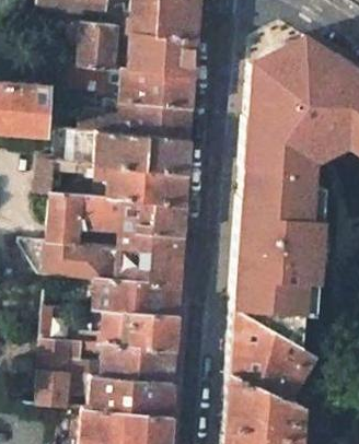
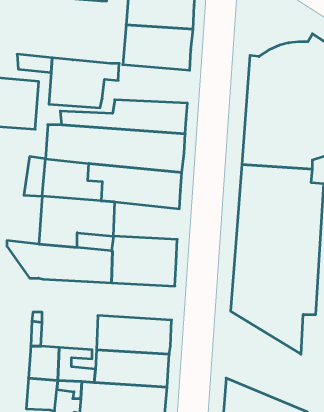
building: [82,24,119,70] -> none
building: [123,70,195,108] -> none
building: [121,203,185,239] -> none
building: [94,280,181,317] -> none
building: [230,308,319,400] -> none

